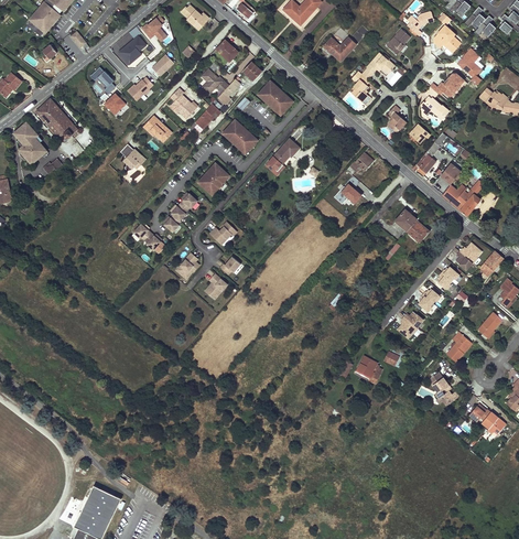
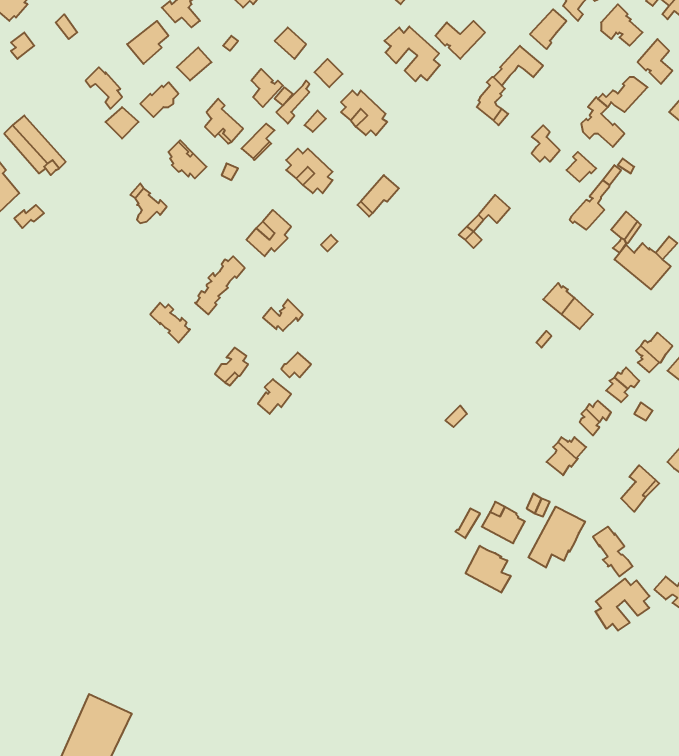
building: none -> [384,26,440,81]
building: none -> [528,507,585,568]
building: none -> [466,546,511,593]
building: none -> [595,579,650,631]

